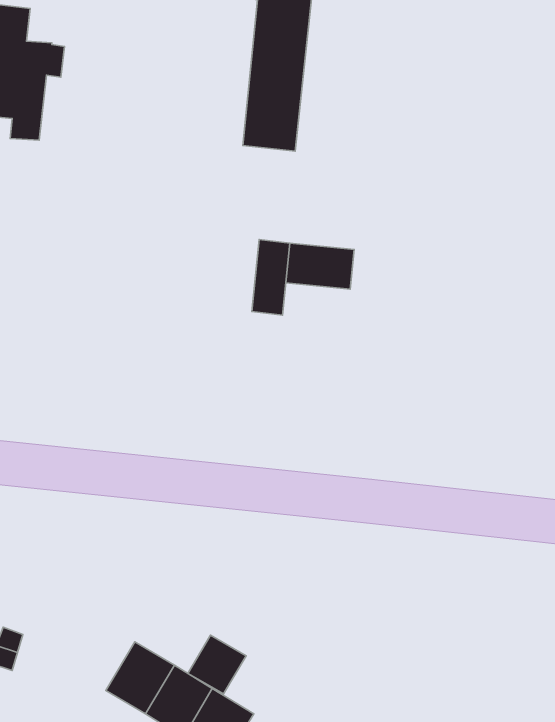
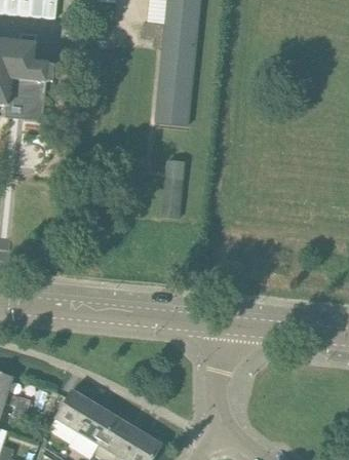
building: [286,243,354,289] -> none
building: none -> [55,389,94,431]
building: [188,635,246,694] -> none

